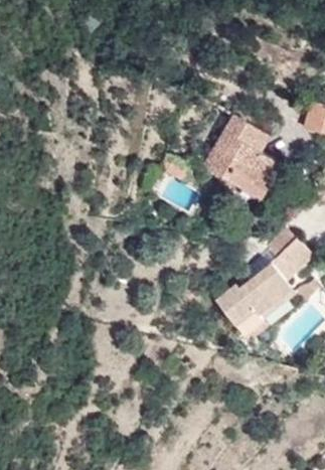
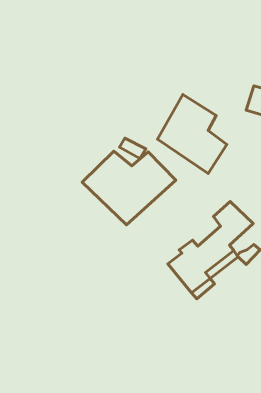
building: none -> [82,151,176,225]

